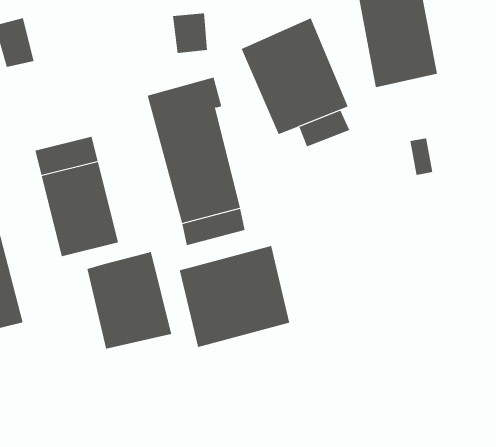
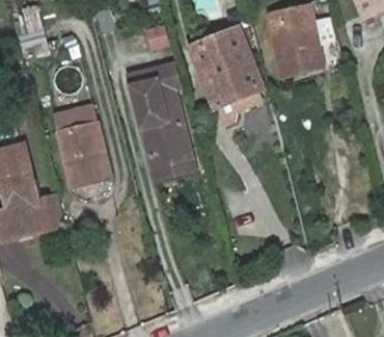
building: [179,245,290,348] -> none
building: [87,251,172,349] -> none

